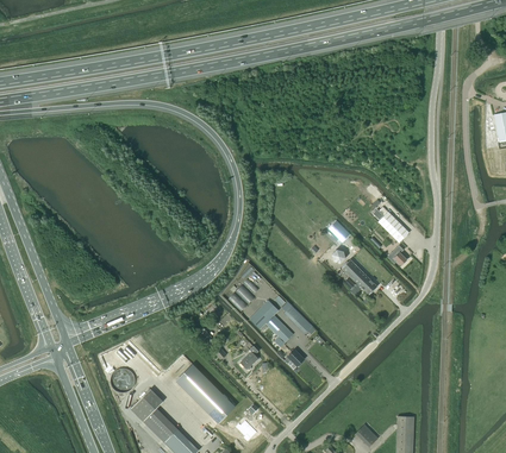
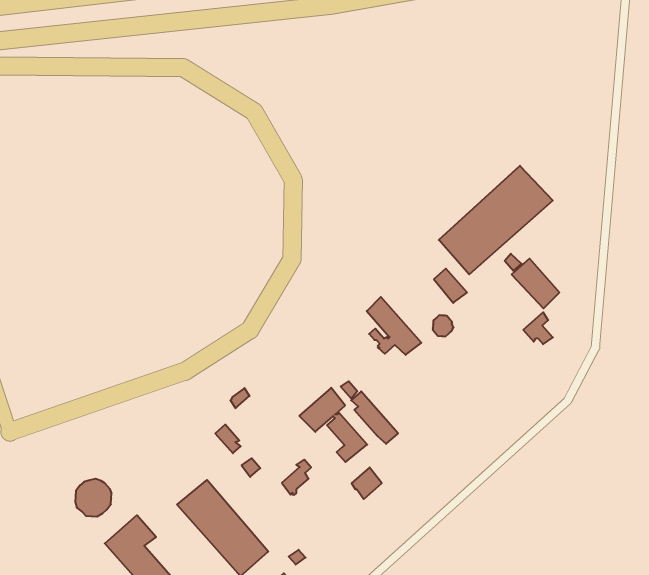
building: none -> [439,166,553,274]
building: [342,259,377,295] -> [367,297,421,355]

